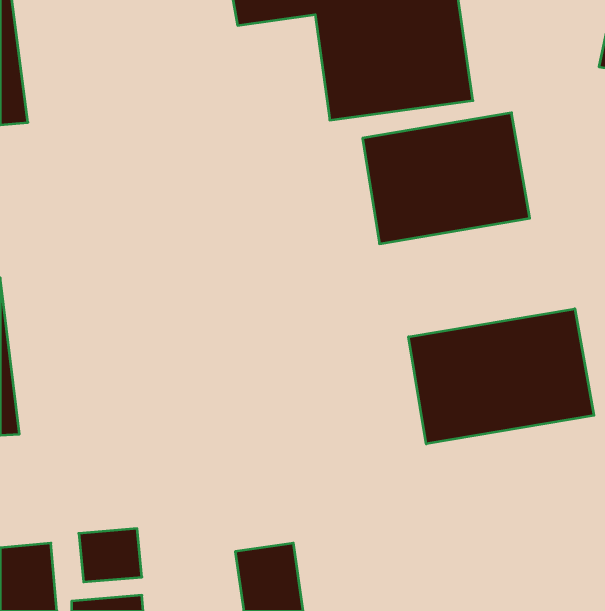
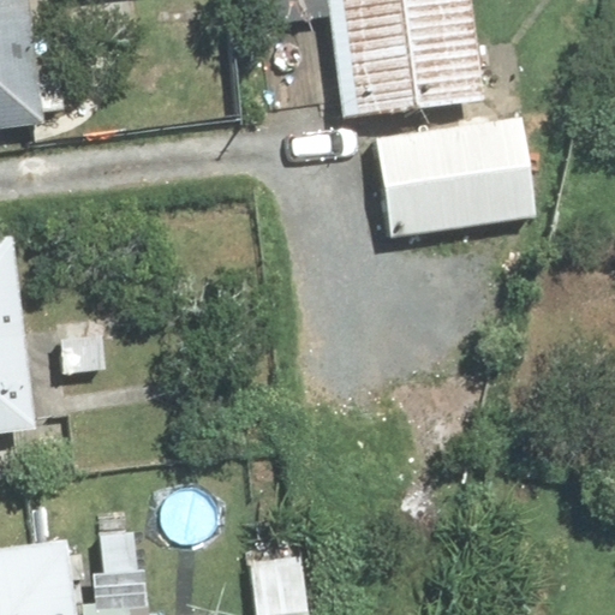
building: [409,309,594,444] -> none

